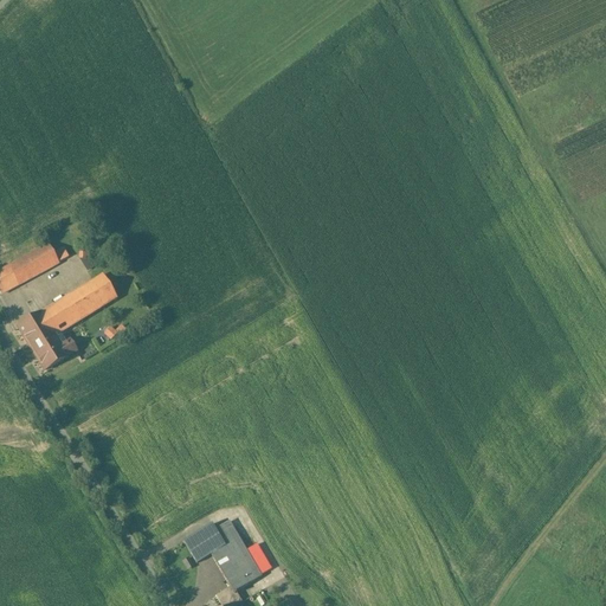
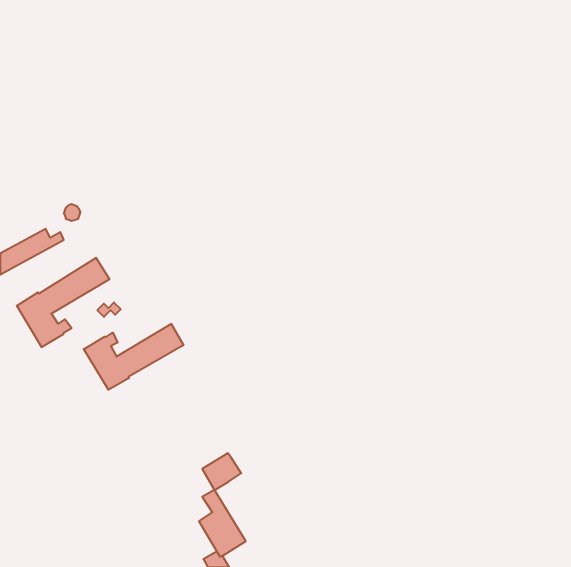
building: none -> [84,324,183,390]
building: [183,522,225,561] -> [202,453,241,490]

